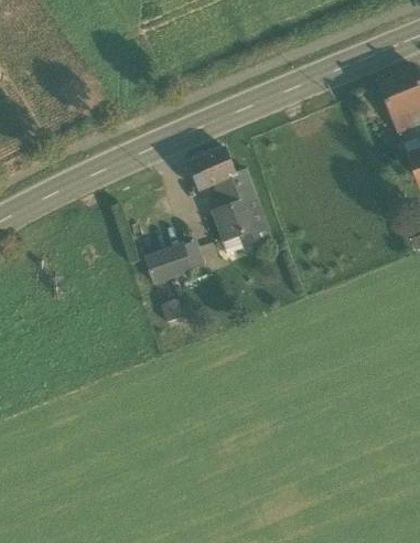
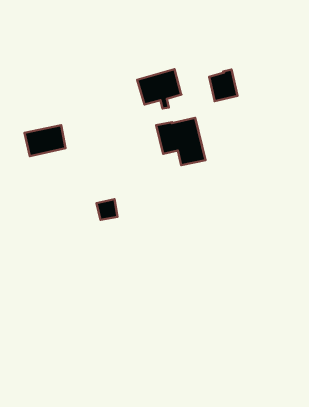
building: [222,171,255,207] -> [209,69,238,101]
building: [146,245,192,283] -> [24,125,66,156]

